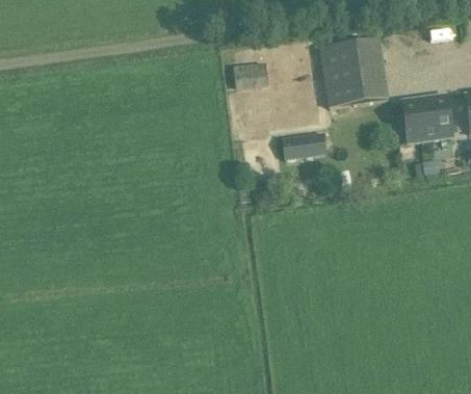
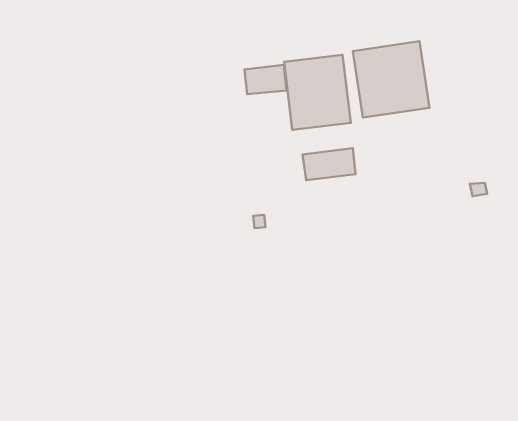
building: none -> [284,55,351,130]
building: [400,94,451,143] -> none

